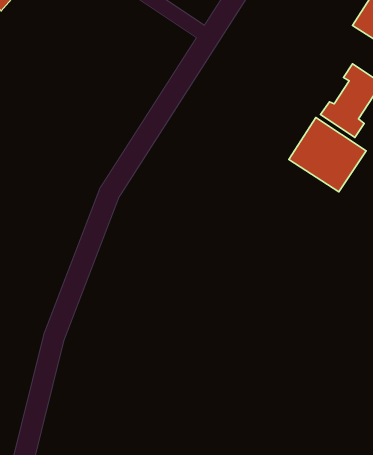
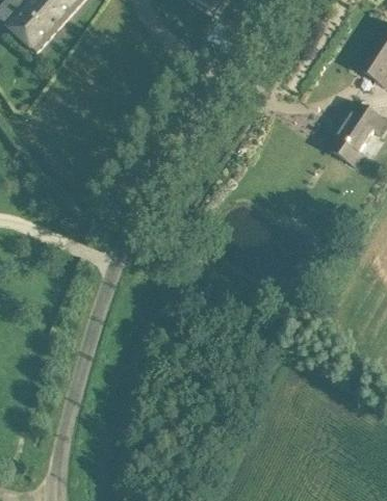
building: [289,117,366,192] -> none

